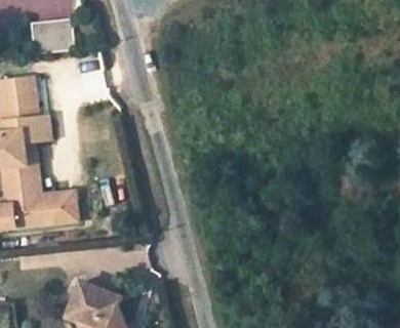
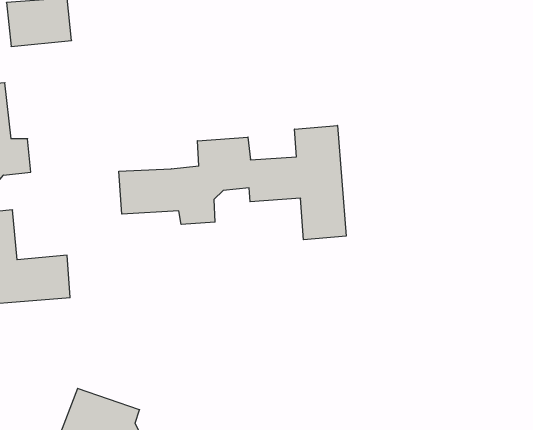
building: none -> [119,125,346,240]

